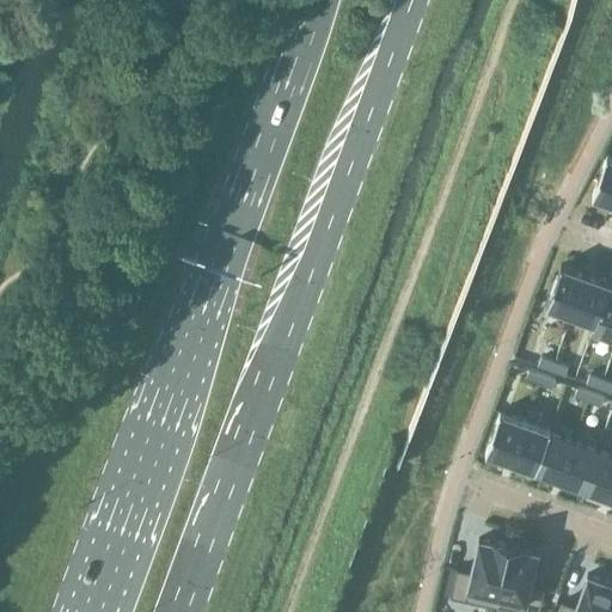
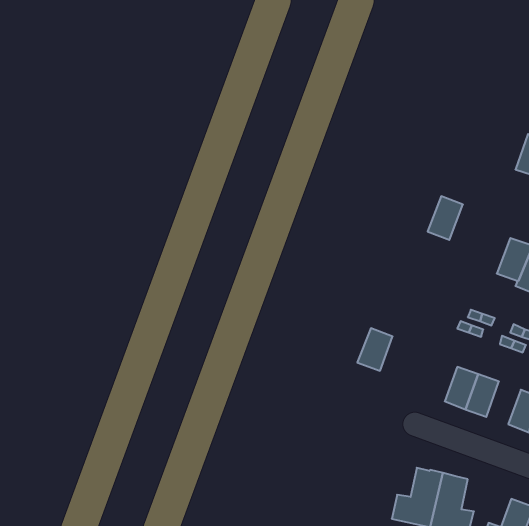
building: [549,270,589,320] -> [428,196,463,240]
building: [488,417,528,466] -> [357,328,393,371]
building: [562,445,601,494] -> none

